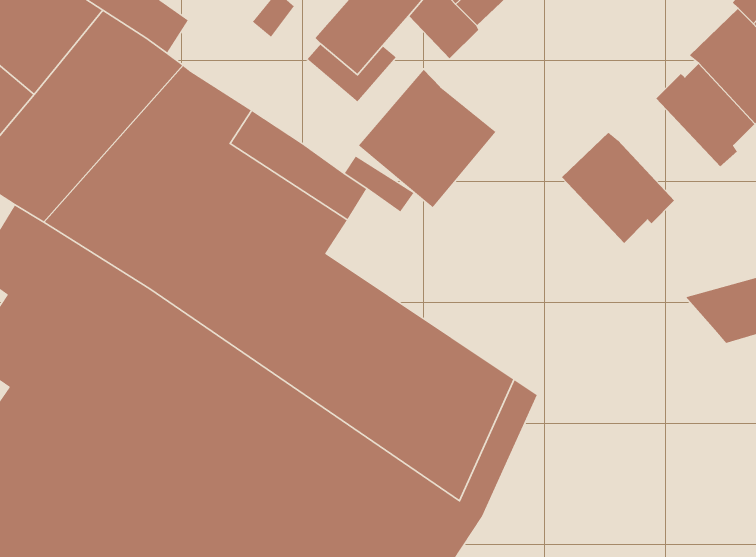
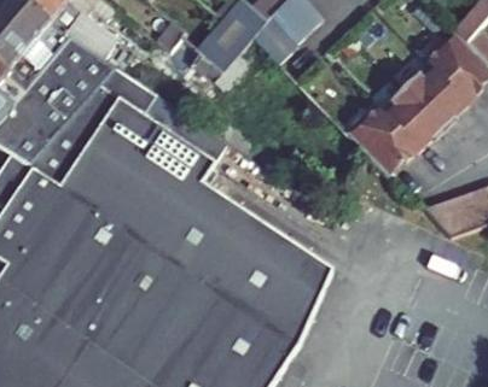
building: [358,69,497,208] -> none
building: none -> [382,83,445,146]

